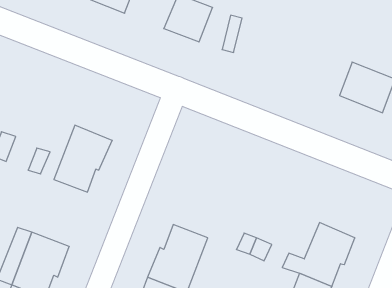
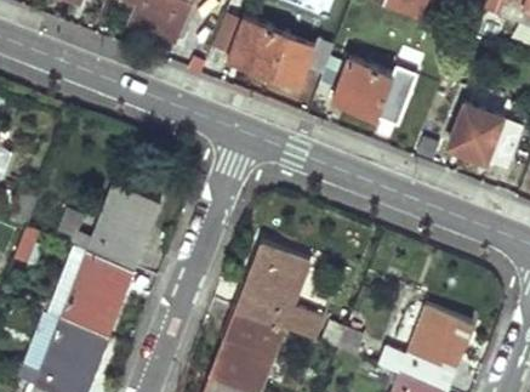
building: none -> [334,57,420,125]
building: none -> [240,242,319,339]
building: none -> [61,252,131,337]

